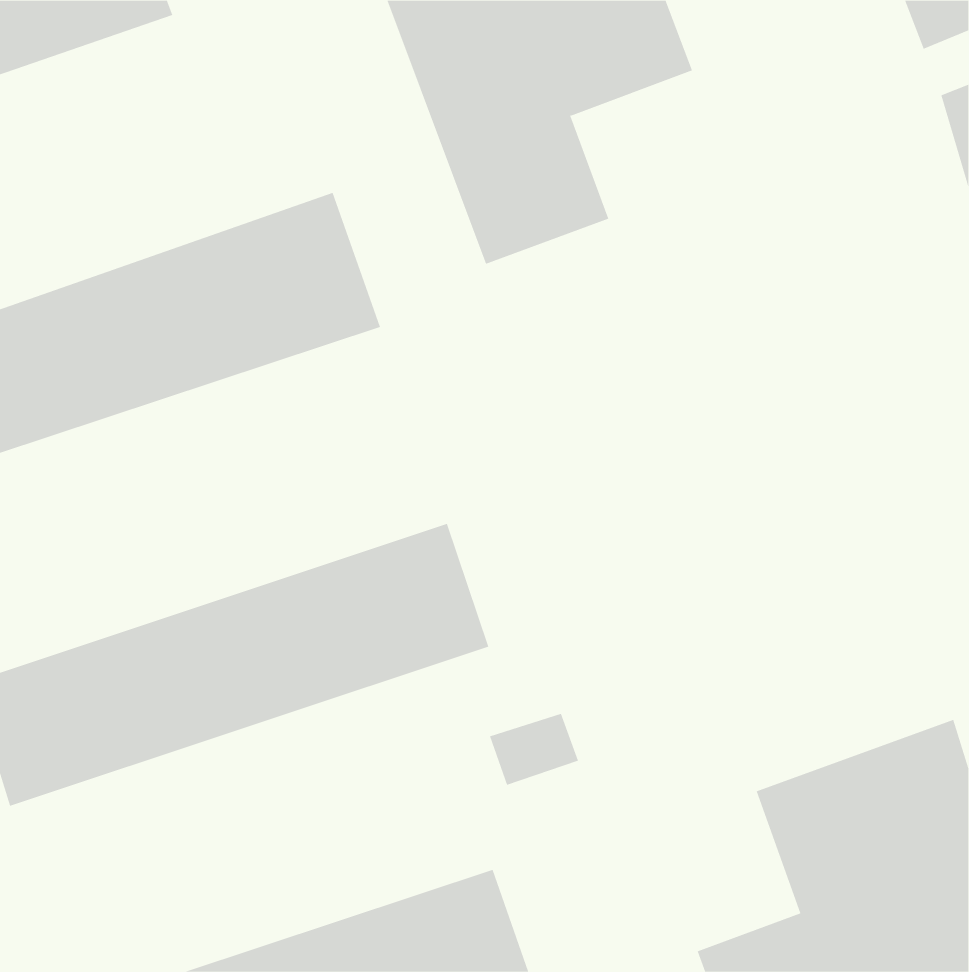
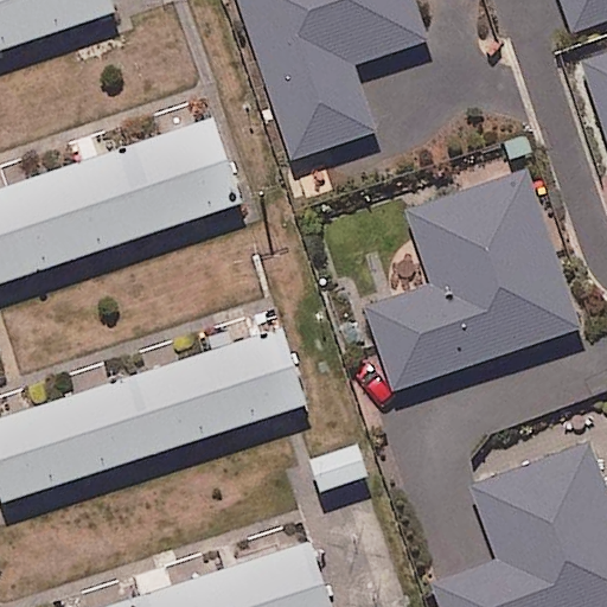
building: none -> [363,175,577,389]

